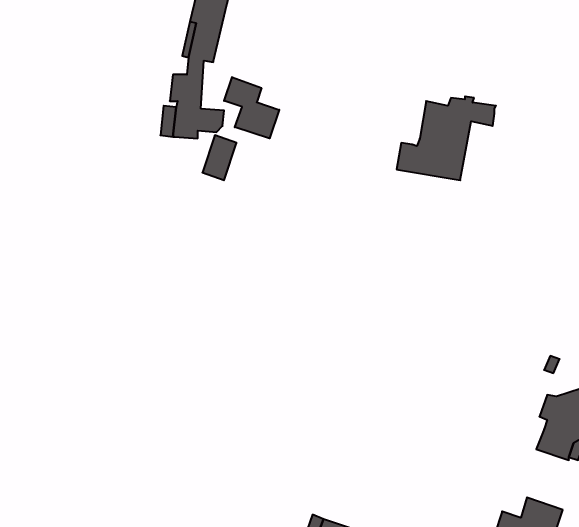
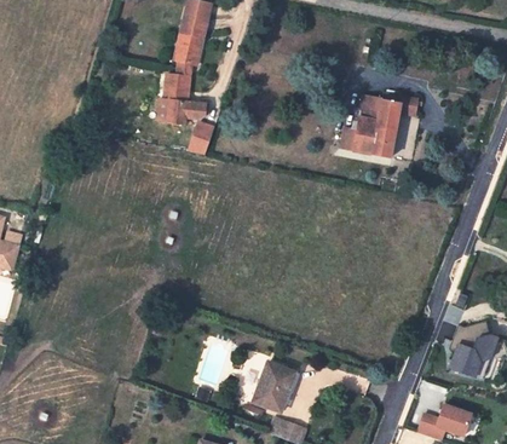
building: [224,77,279,138] -> none
building: none -> [253,363,294,411]

